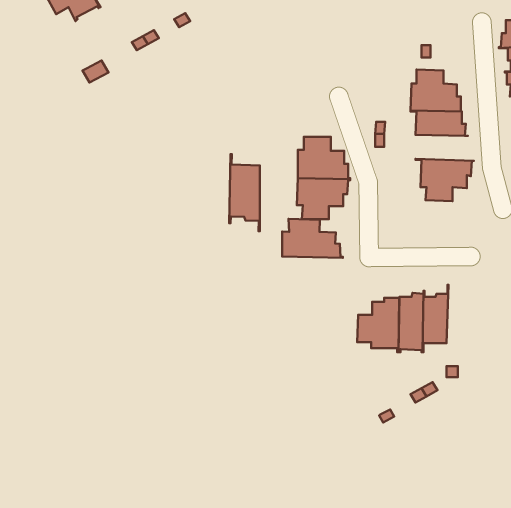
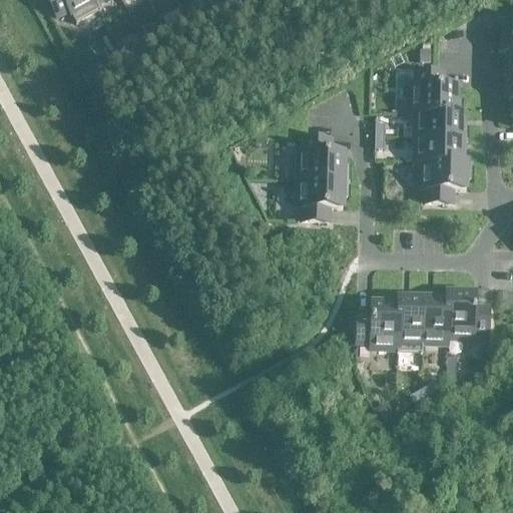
building: none -> [417,134,475,160]
building: [229,154,260,231] -> none
building: [282,219,343,258] -> none
building: none -> [448,284,490,342]

